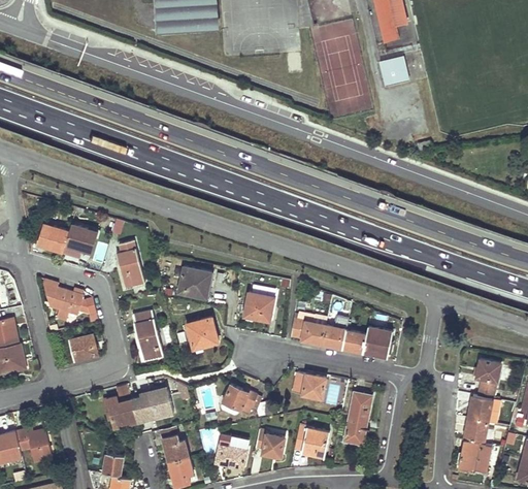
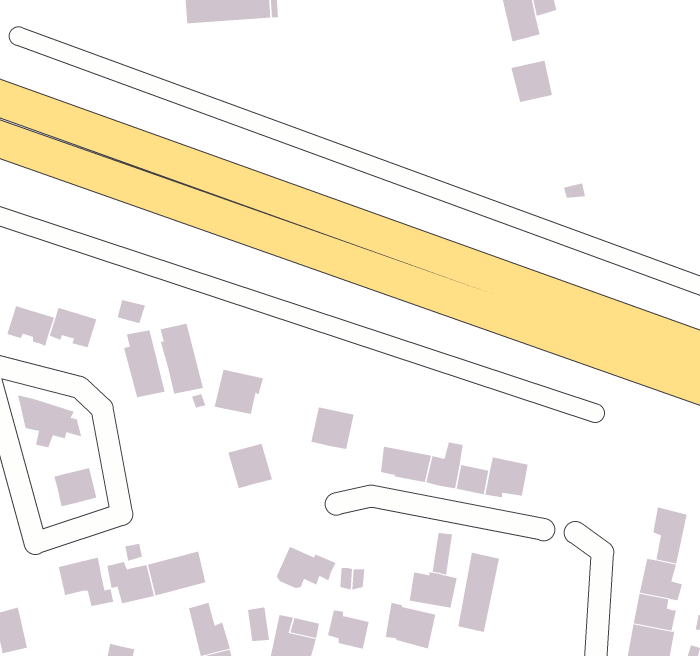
building: [133,311,163,359] -> [160,323,204,394]
building: [292,374,325,399] -> [409,572,457,608]
building: none -> [58,557,114,607]

